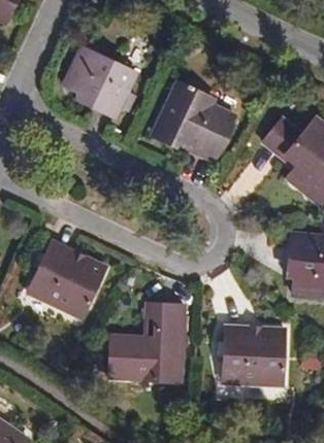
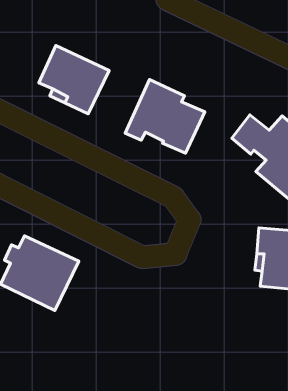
building: [108,304,184,380] -> none
building: [216,328,285,384] -> none

